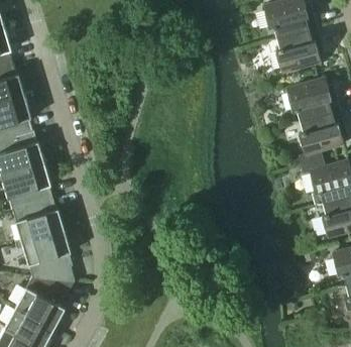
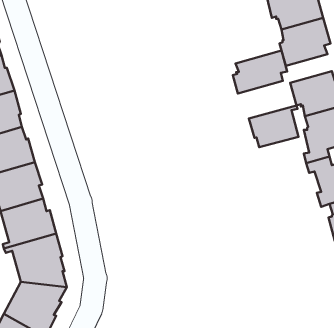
building: none -> [233,50,287,93]
building: none -> [249,105,298,147]

